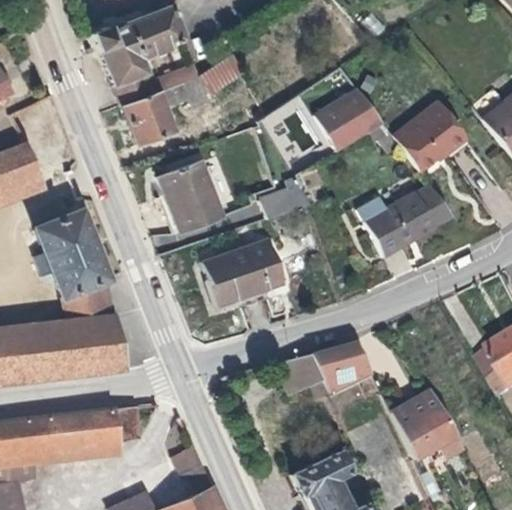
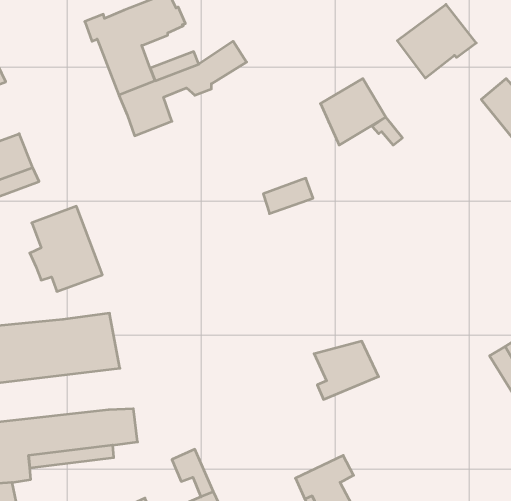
building: [392,102,468,173] -> [397,4,476,78]
building: [159,162,223,232] -> none
building: [356,185,451,255] -> none
building: [199,239,284,307] -> none
building: [63,278,114,321] -> none
building: [277,354,323,394] -> none
building: [392,391,465,461] -> none

